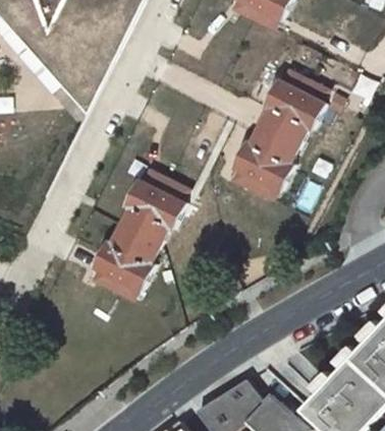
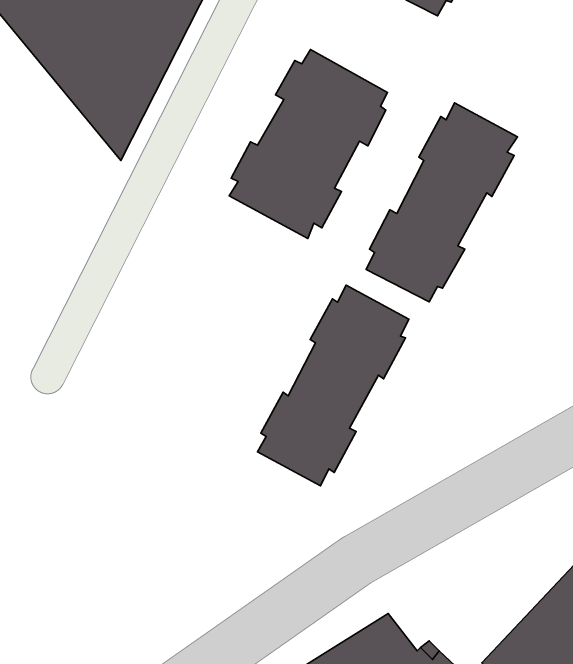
building: none -> [229,49,388,238]
building: [94,173,184,293] -> [258,285,409,486]

